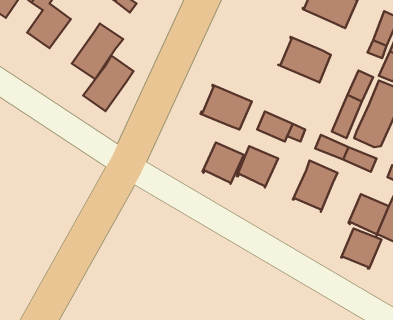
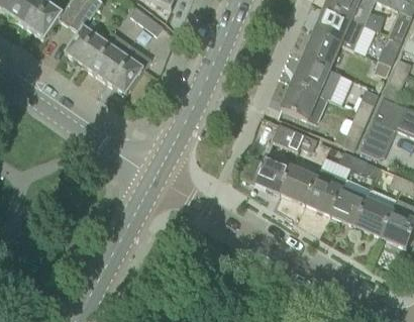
building: none -> [302,31,340,69]
building: [83,56,133,111] -> [84,30,129,81]
building: [200,85,252,129] -> [280,82,326,122]
building: [203,143,244,184] -> [279,167,316,204]
building: [341,229,381,269] -> [329,189,366,225]

